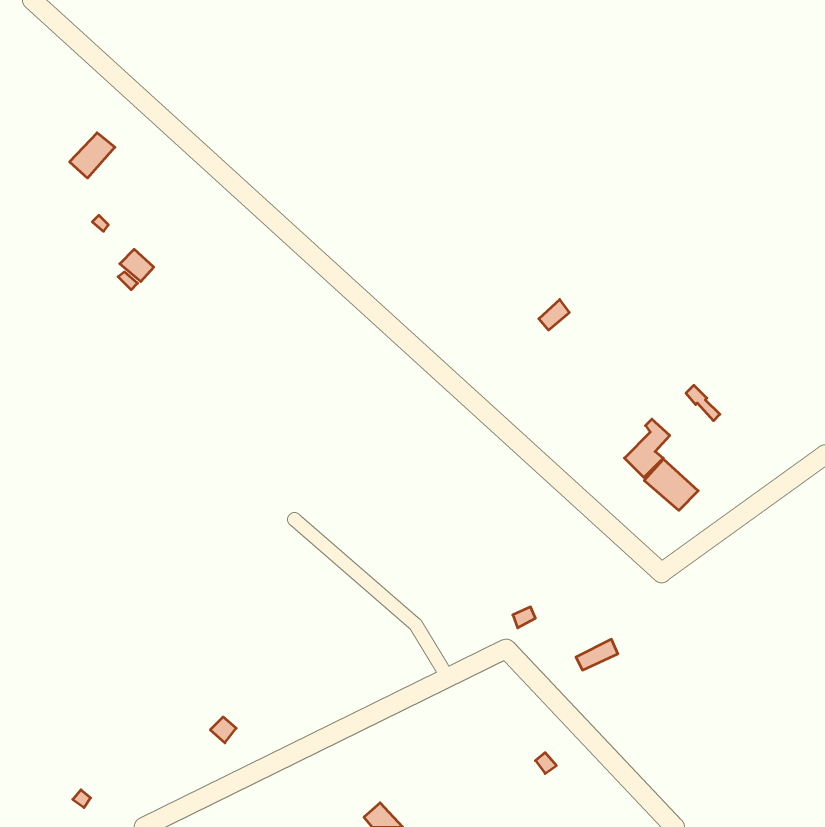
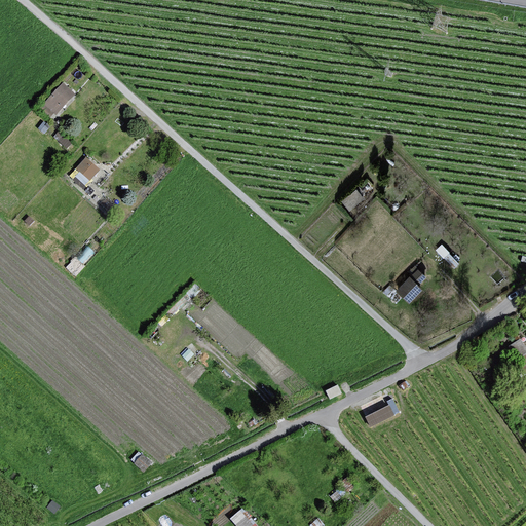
building: [644,459,698,510] -> none

